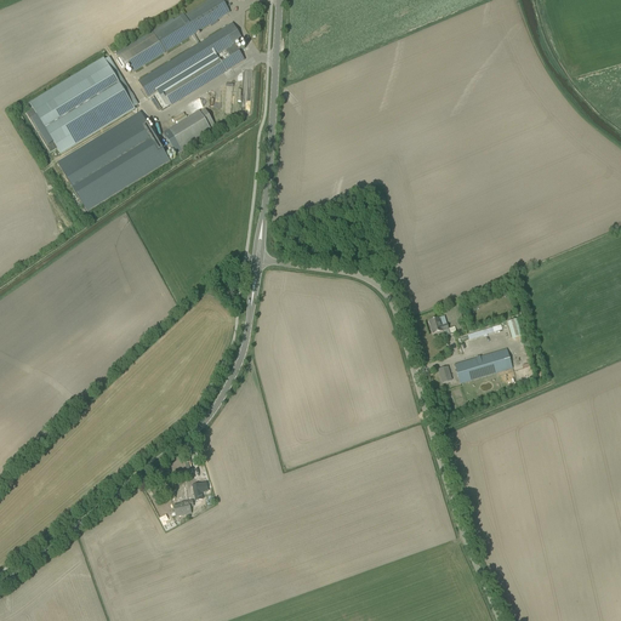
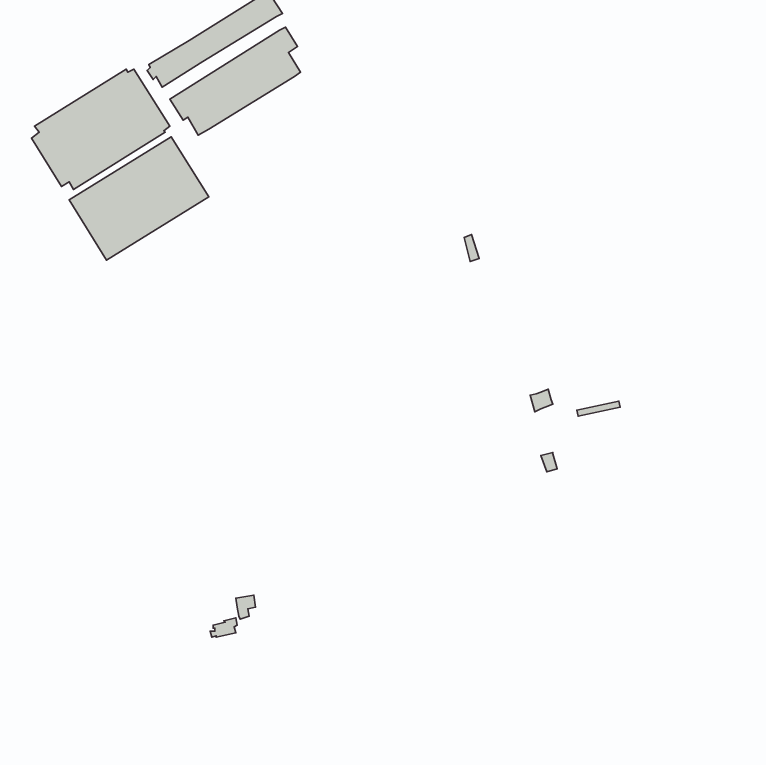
building: [167,108,213,149] -> none
building: [454,347,511,382] -> none

